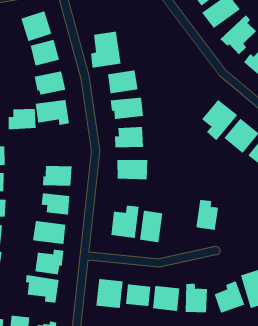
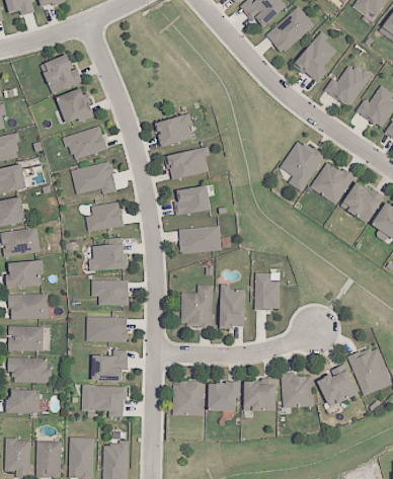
building: [91,31,121,68] -> none
building: [8,109,37,130] -> [85,202,123,232]
building: [196,200,219,231] -> [253,273,280,310]

